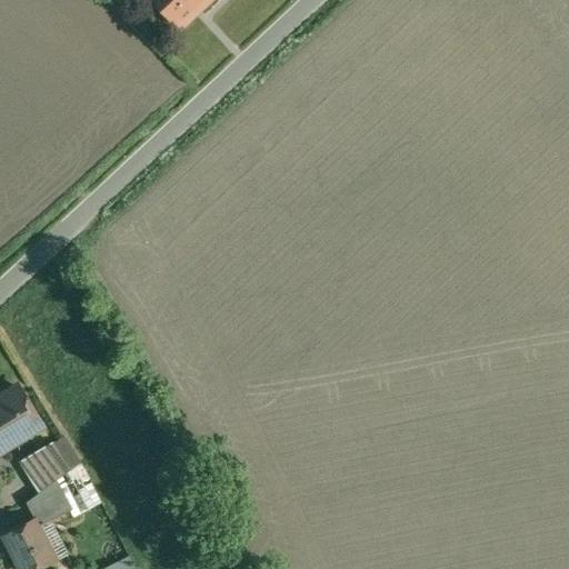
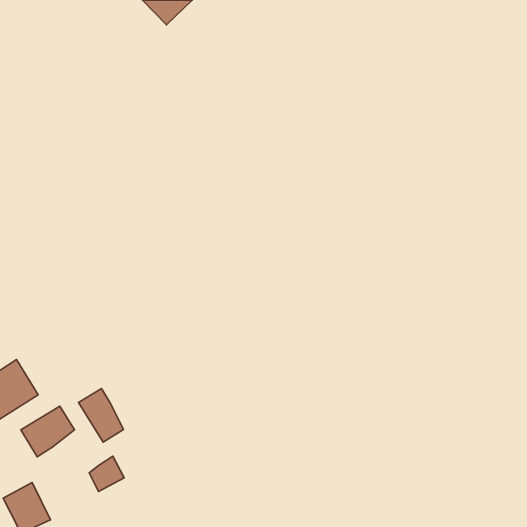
building: none -> [78,388,123,442]
building: [30,482,68,520] -> [89,456,124,491]

